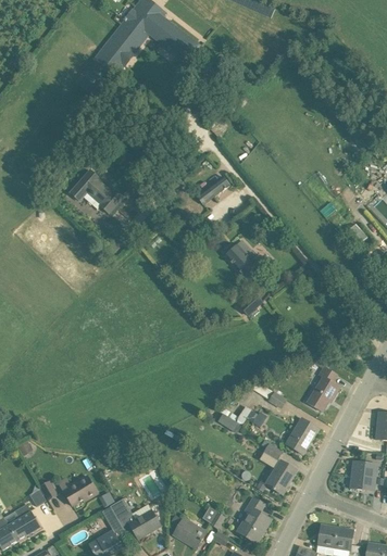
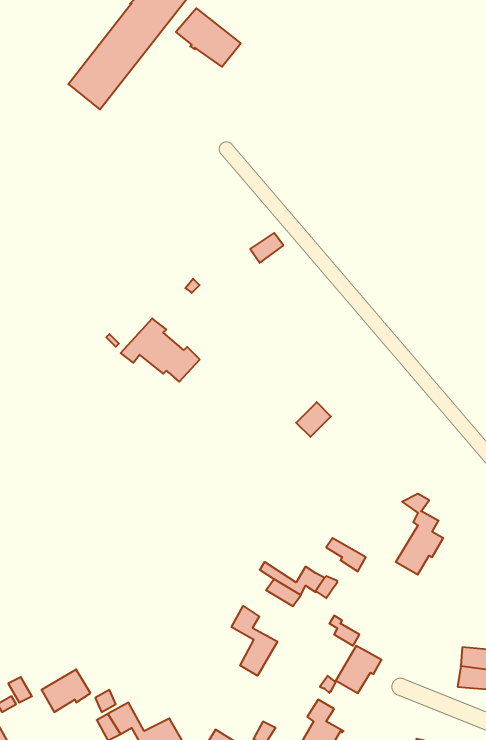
building: [67,169,122,213] -> [121,318,200,382]
building: [225,239,263,278] -> none
building: [285,417,317,453] -> none
building: none -> [231,606,277,676]

